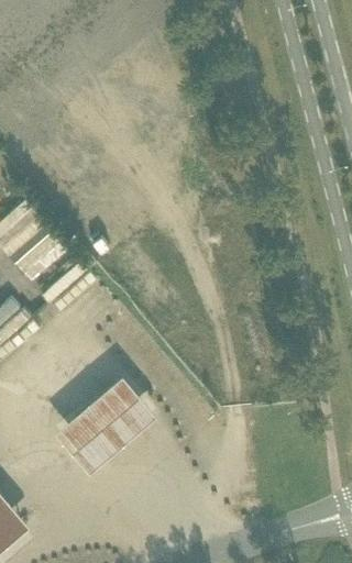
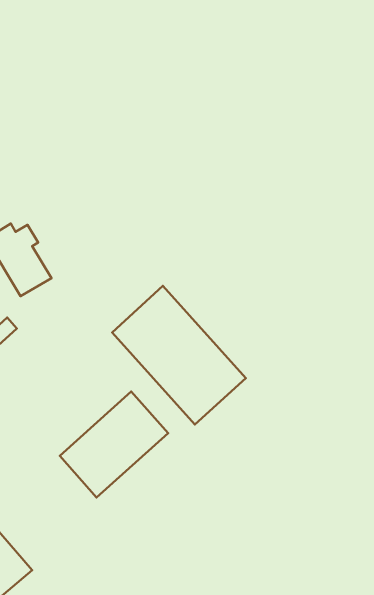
building: none -> [112,286,246,425]

